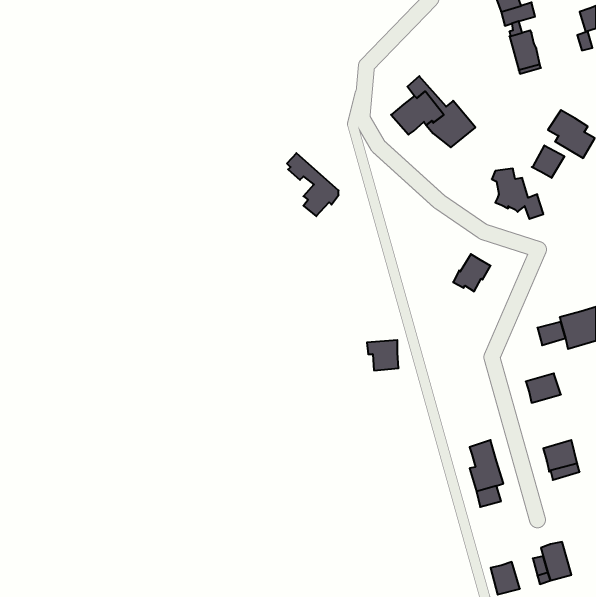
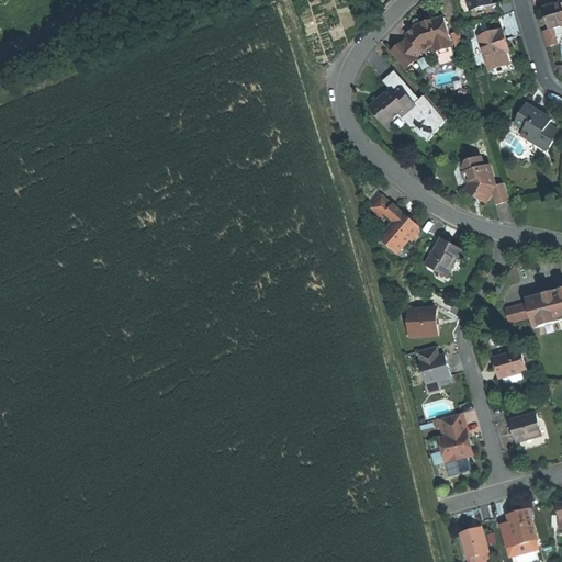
building: none -> [390,18,453,69]
building: [532,145,564,178] -> none
building: [287,153,339,216] -> [369,192,417,251]
building: [367,340,399,370] -> [407,308,437,337]
building: none -> [417,346,450,383]

